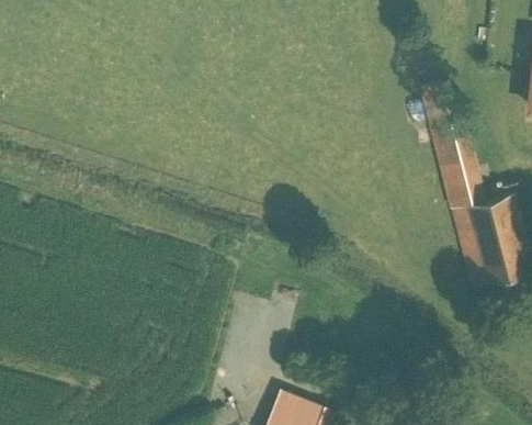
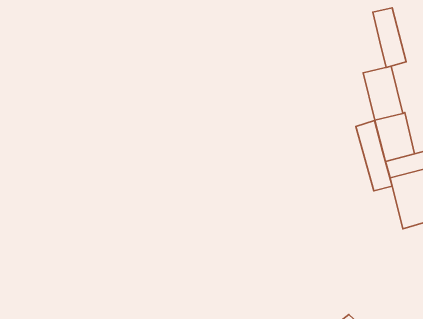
building: none -> [373,8,406,67]
building: none -> [356,120,392,191]

